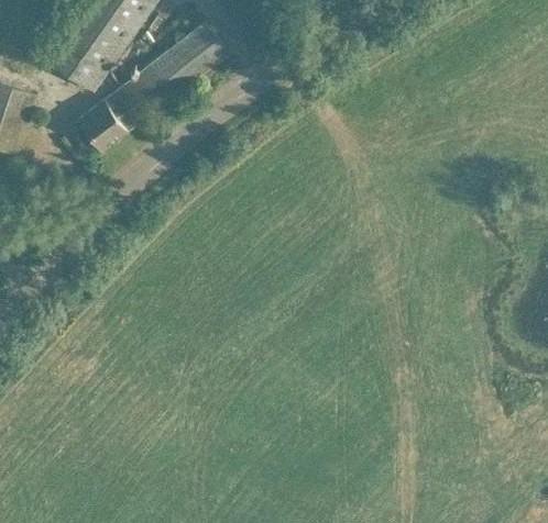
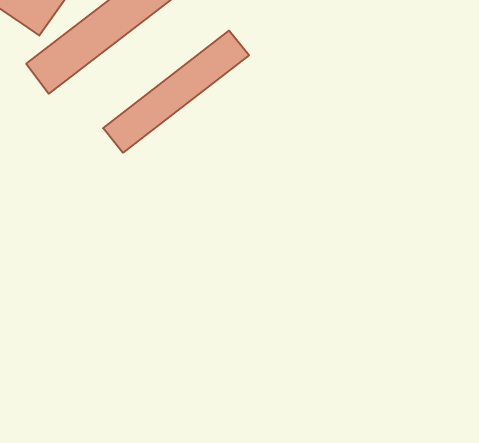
building: none -> [103,31,249,153]

